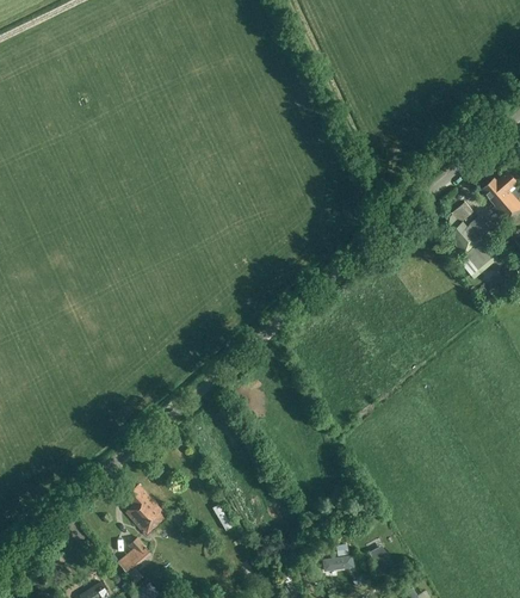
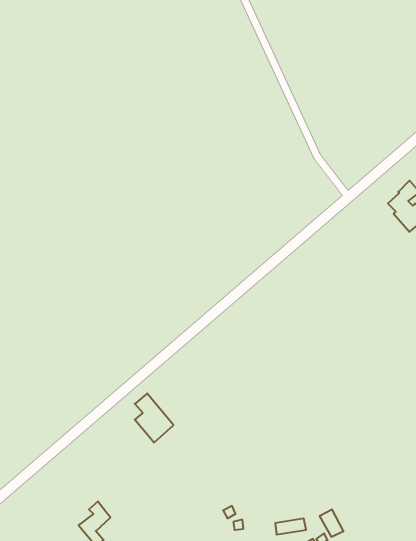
building: [126,485,167,536] -> [135,393,173,442]

